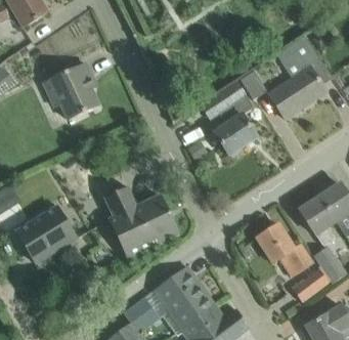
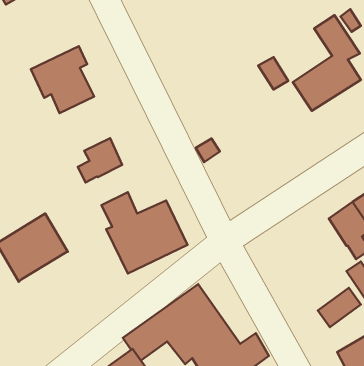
building: [202,82,257,155] -> none
building: none -> [78,138,122,182]
building: [256,222,311,275] -> none

